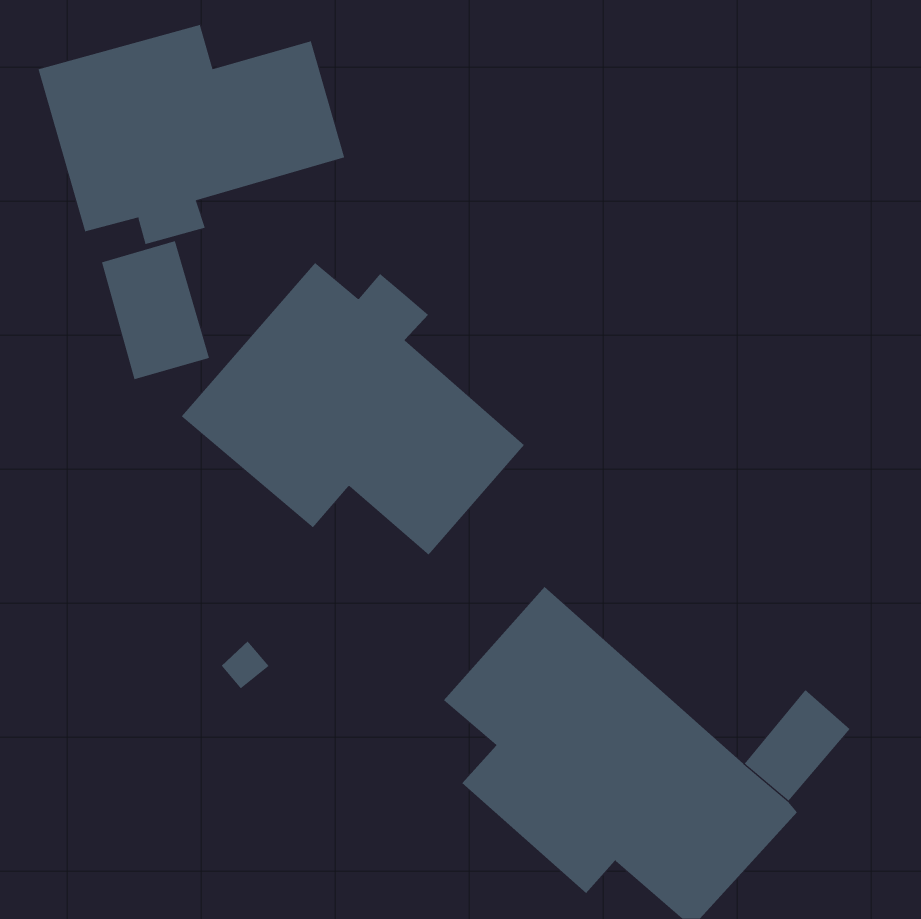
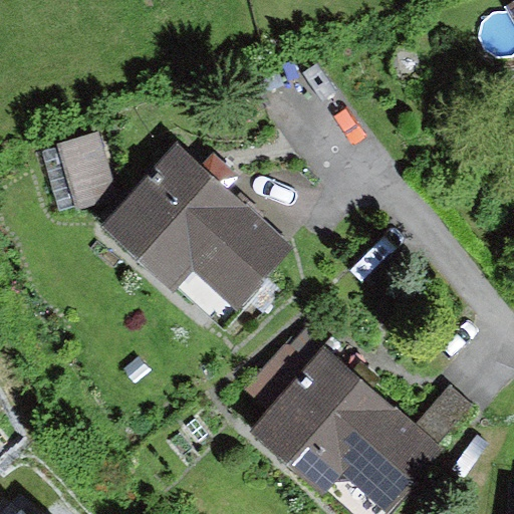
building: [38,24,345,245] -> none

